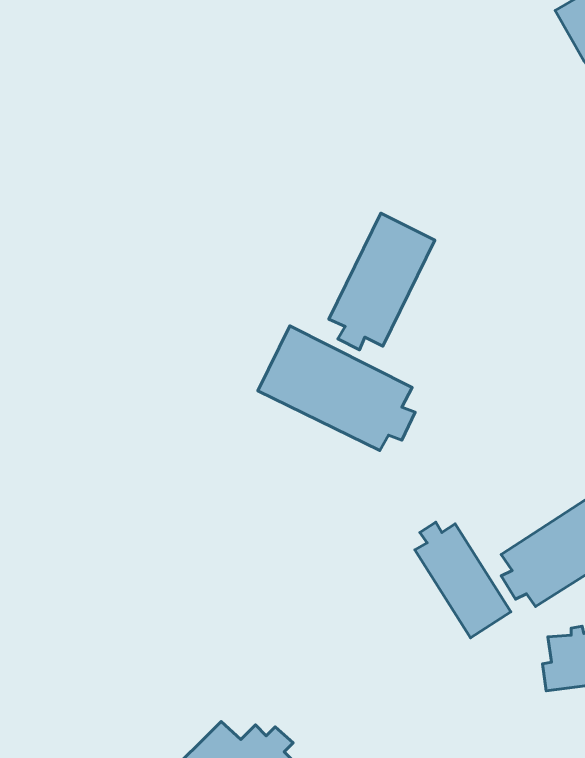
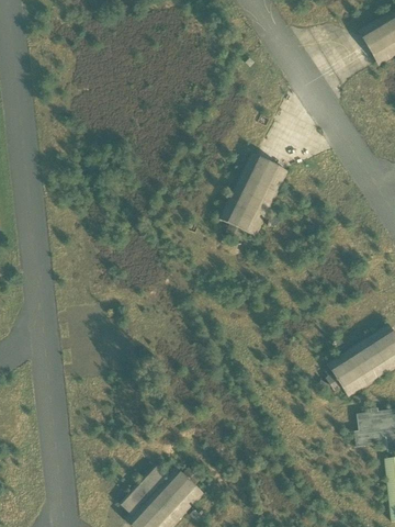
building: [258,326,415,451] -> none
building: [415,522,511,638] -> none

